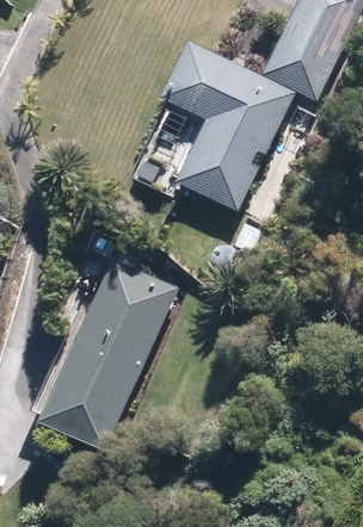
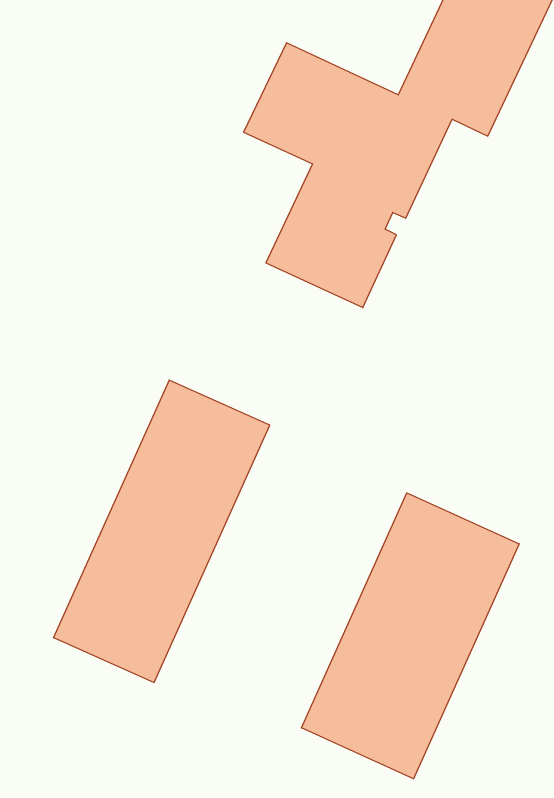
building: none -> [301,493,519,779]

